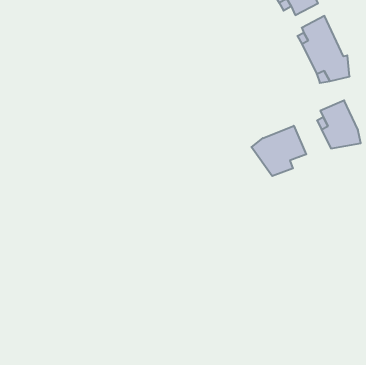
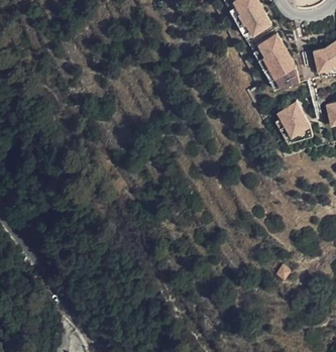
building: [251,126,306,176] -> none

